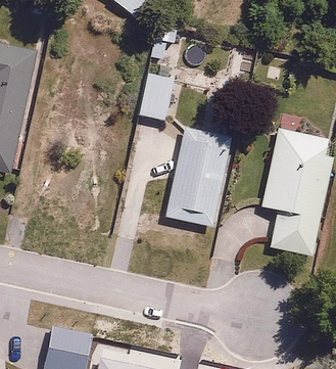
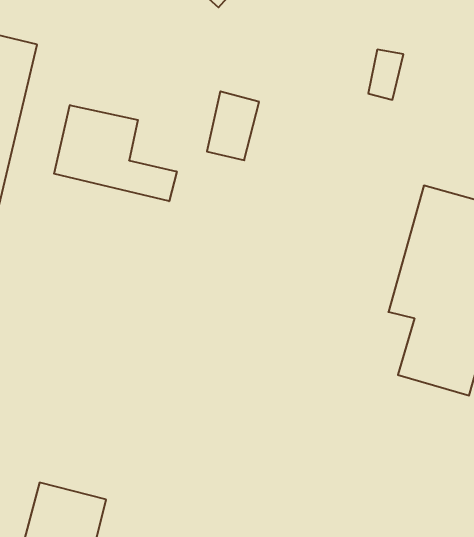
building: none -> [54,105,177,201]
building: [164,135,233,227] -> none

